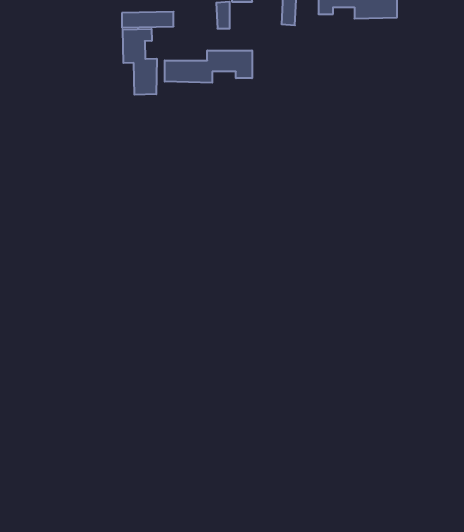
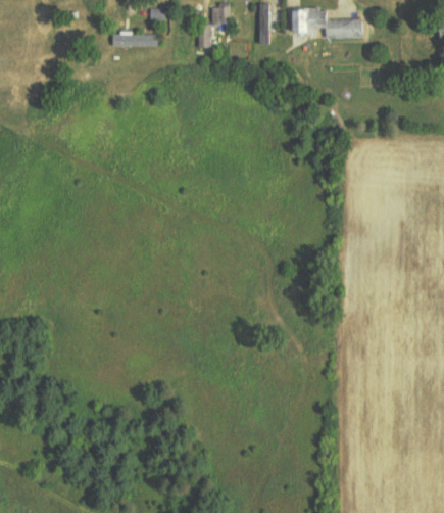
building: [123,29,157,95] -> none
building: [165,50,252,83] -> none

